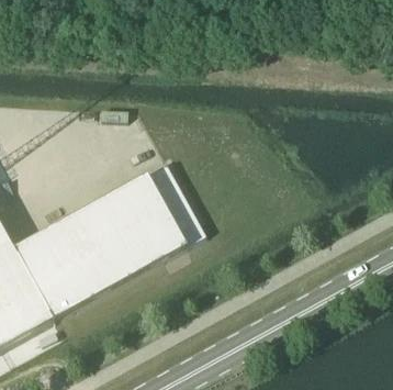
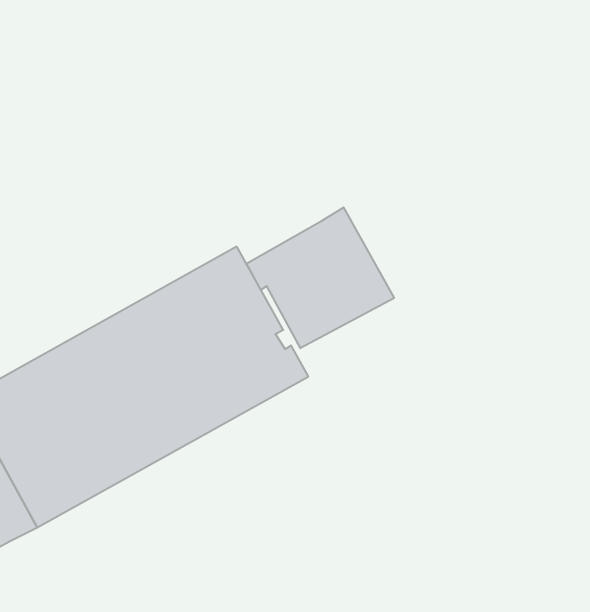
building: none -> [247,207,394,348]

